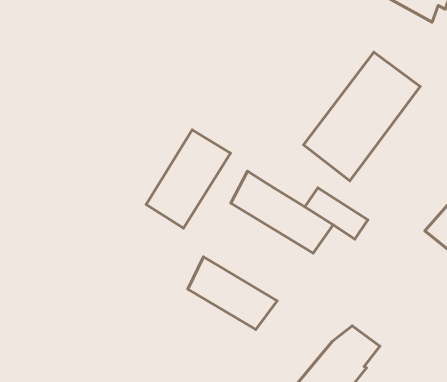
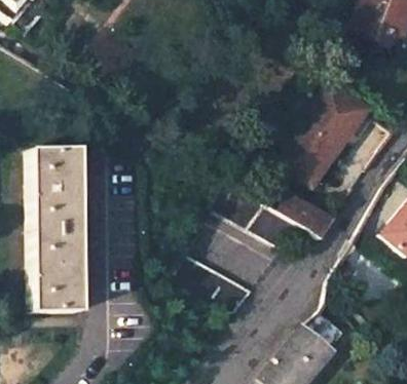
building: [146,130,231,228] -> none
building: none -> [33,145,81,308]

